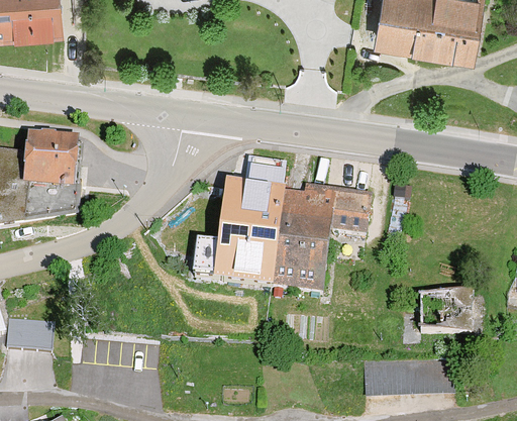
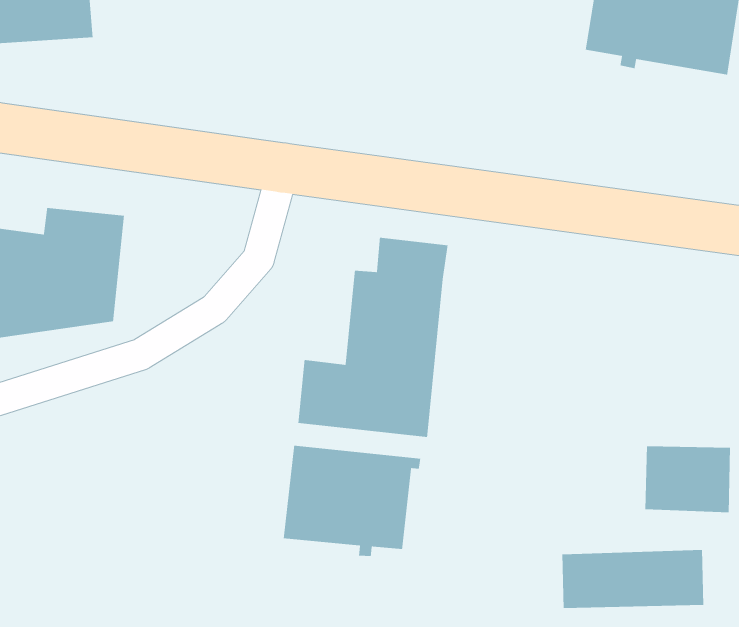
building: [276,188,368,295] -> none
building: none -> [283,445,421,557]
building: [8,316,56,347] -> none

